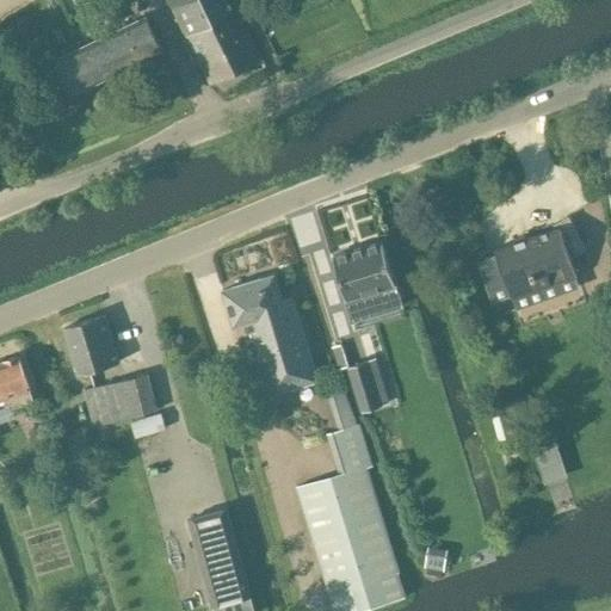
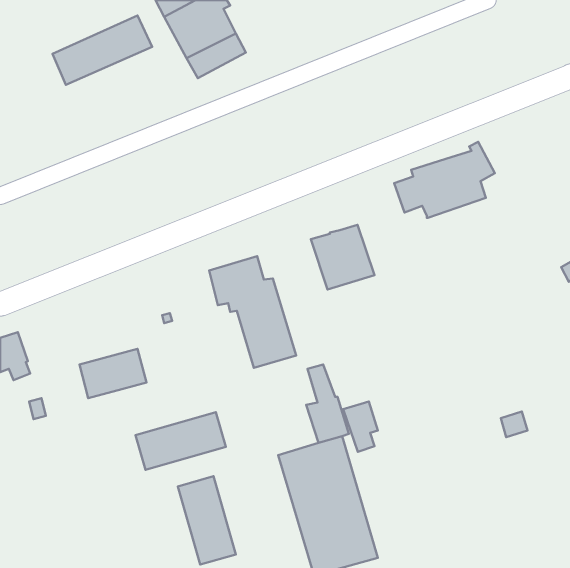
building: [479,220,586,301] -> [394,142,495,218]
building: [64,320,121,377] -> none
building: [350,359,387,413] -> [343,401,378,452]
building: none -> [135,412,226,470]

